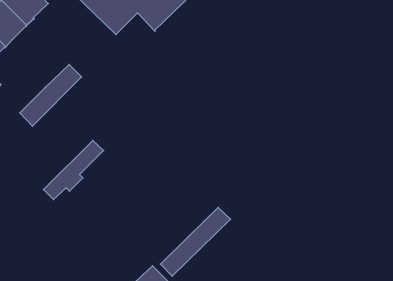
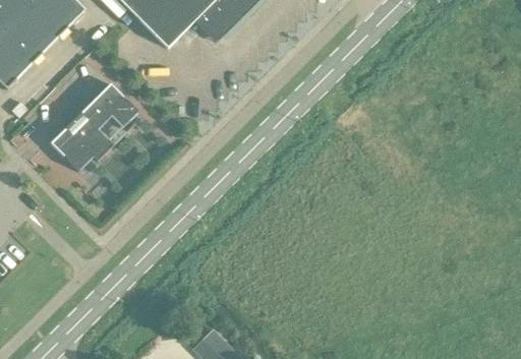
building: [44,140,104,200] -> [65,99,138,171]
building: [161,208,230,276] -> none

